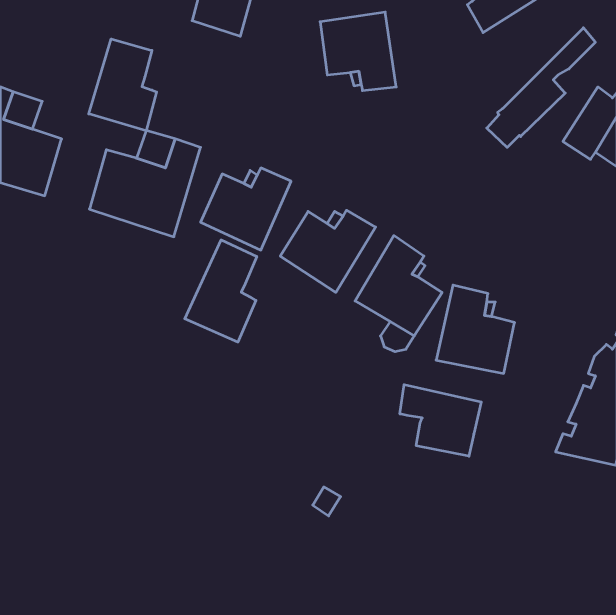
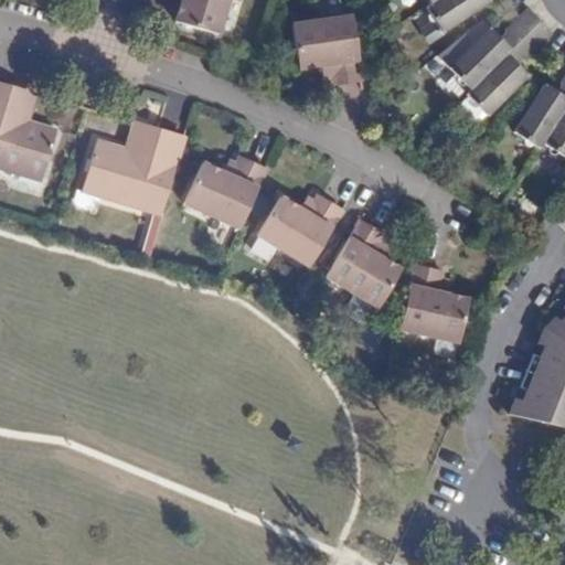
building: none -> [439,13,534,99]
building: [89,39,157,131] -> none
building: [185,240,257,342] -> none
building: [400,385,481,456] -> none

